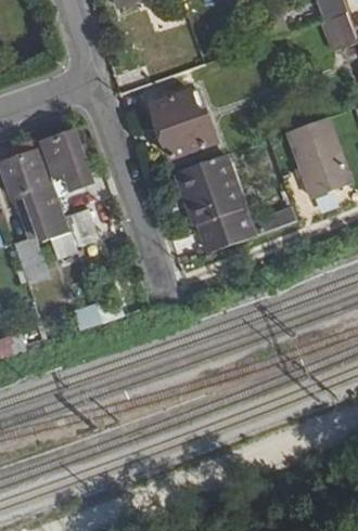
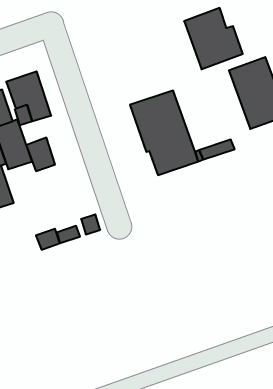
building: [151,89,217,158] -> [184,8,243,69]

